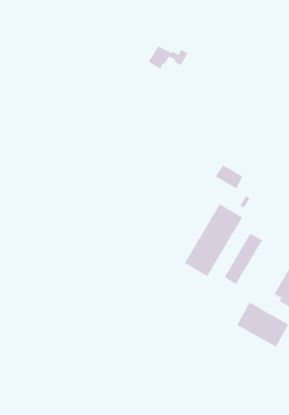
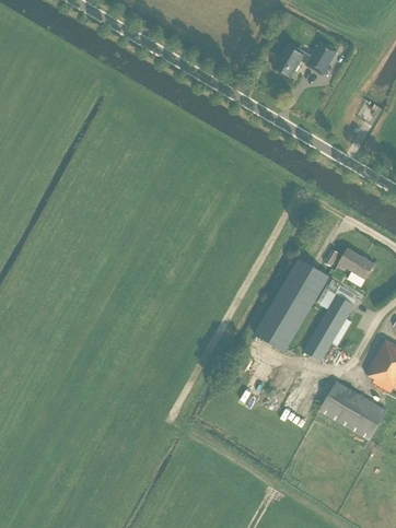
building: [148,45,189,70] -> [273,45,325,75]
building: [215,164,244,189] -> [338,247,374,279]

